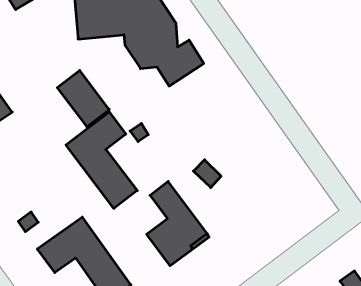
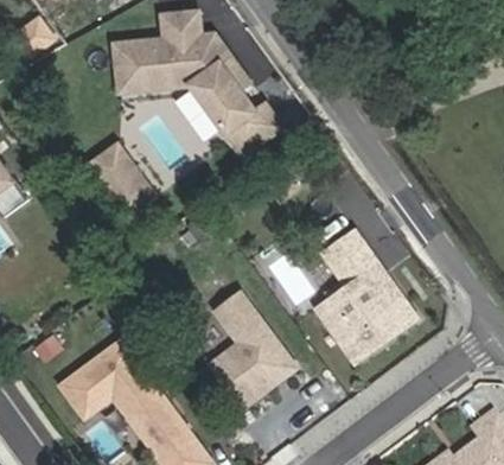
building: [66,112,137,208] -> none
building: none -> [314,229,416,362]

